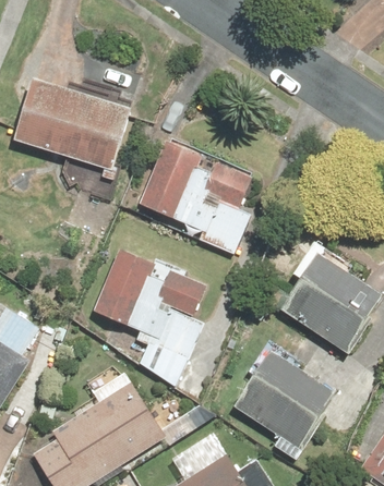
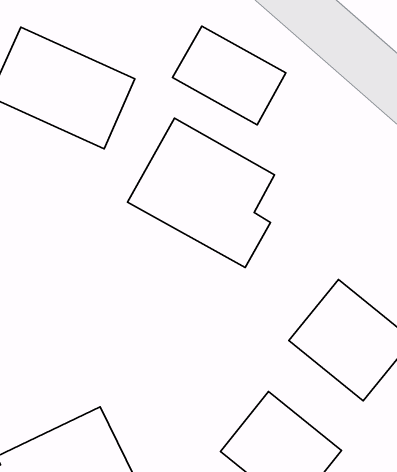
building: none -> [173,26,286,125]
building: [94,250,206,387] -> none

